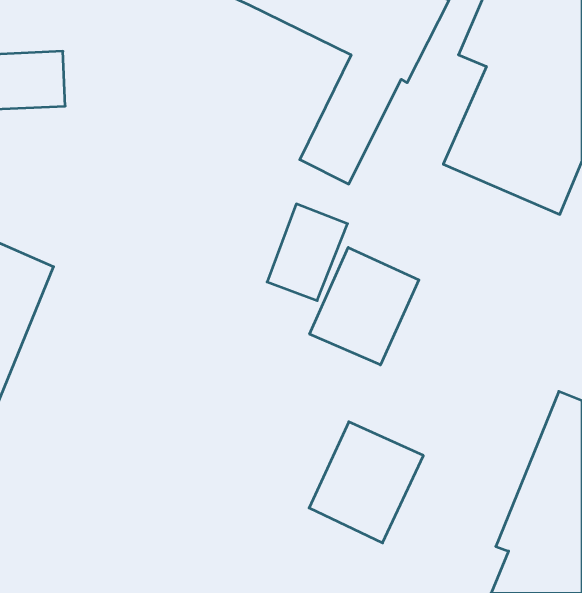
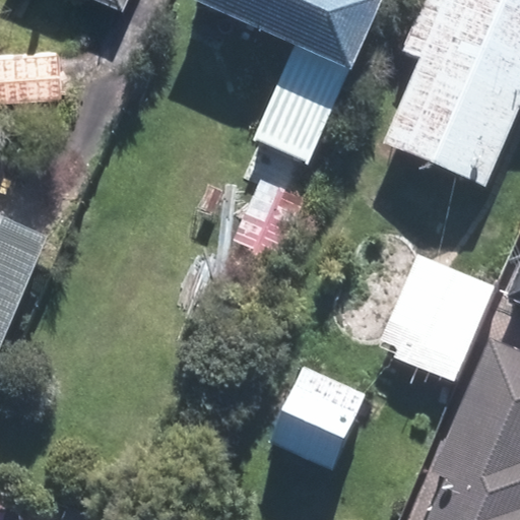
building: [310,247,419,365] -> none
building: none -> [377,254,494,381]

